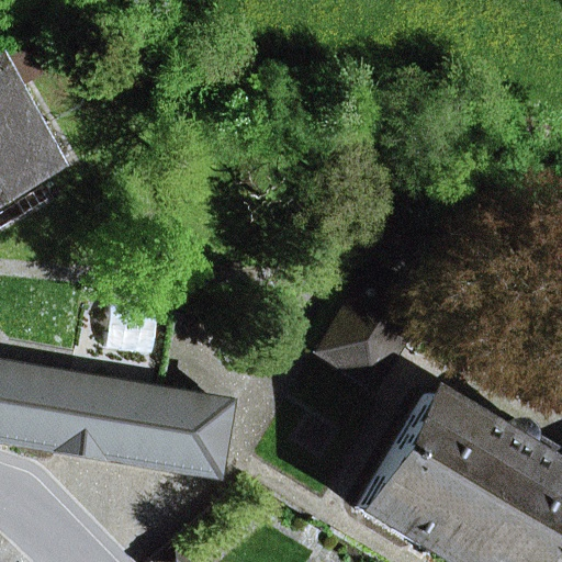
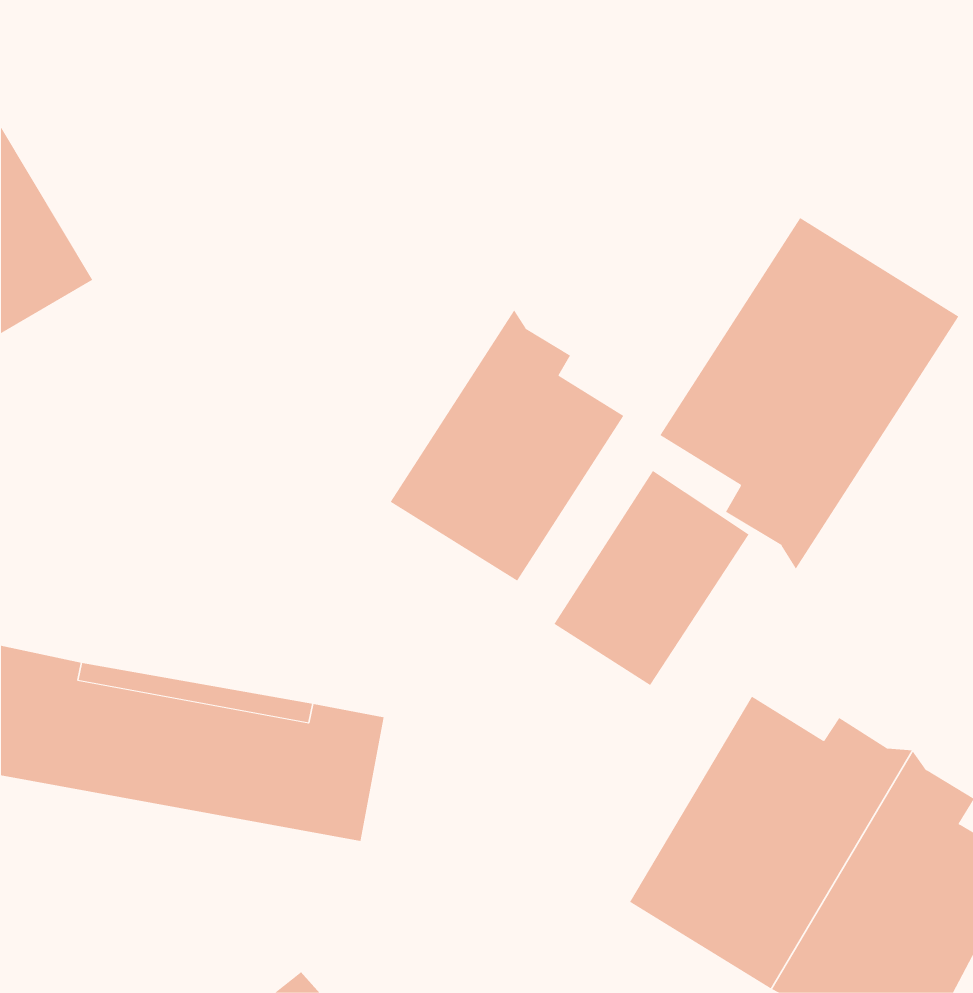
building: none -> [659,217,959,570]
building: none -> [390,309,624,581]

